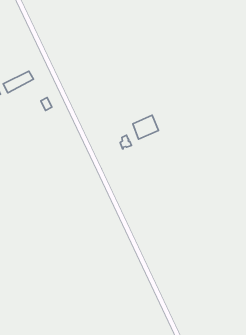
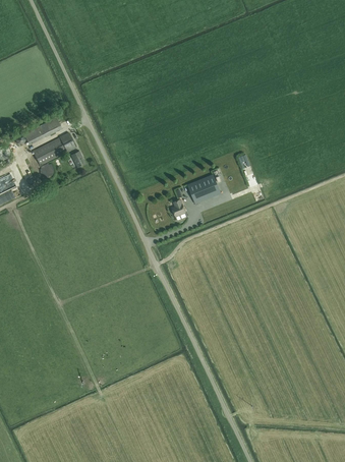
building: none -> [32,131,75,164]

